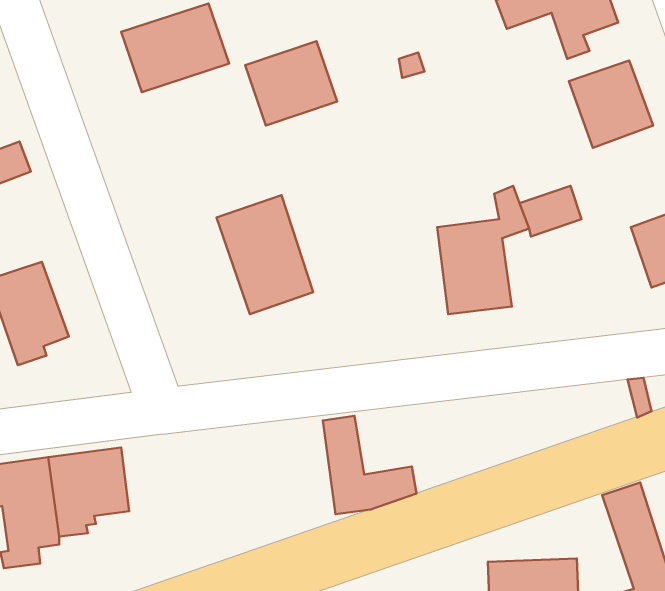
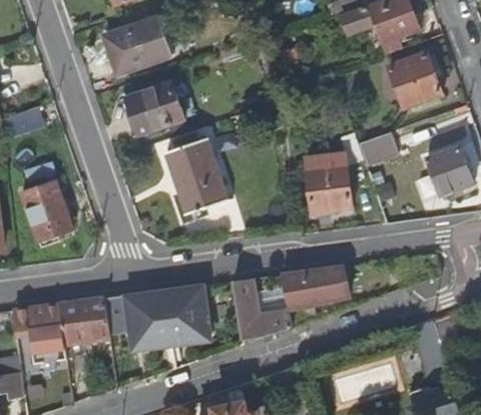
building: [245,41,337,125] -> [126,81,184,134]
building: none -> [281,265,350,308]
building: none -> [124,284,210,344]

